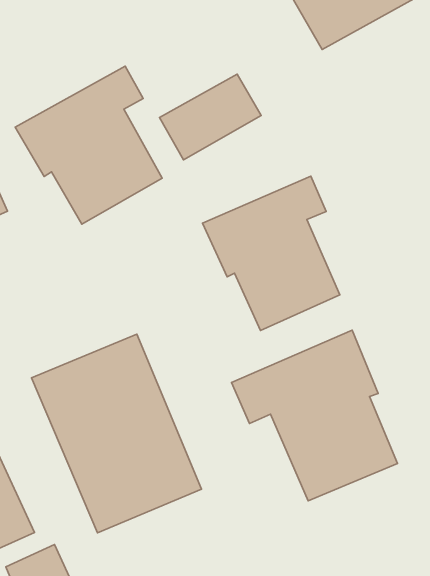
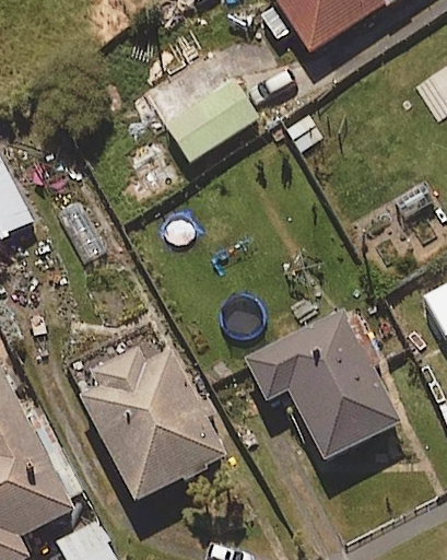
building: [15,66,162,224] -> none
building: [202,176,340,331] -> none

